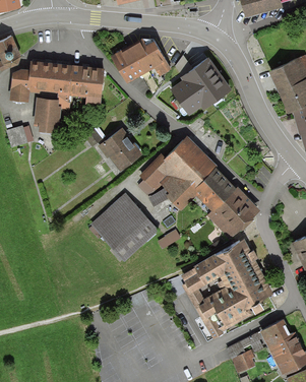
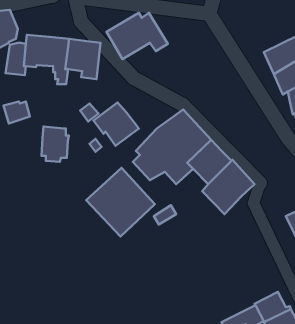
building: [171,53,231,112] -> none
building: [34,92,61,128] -> [42,127,69,162]
building: [180,235,273,337] -> none

